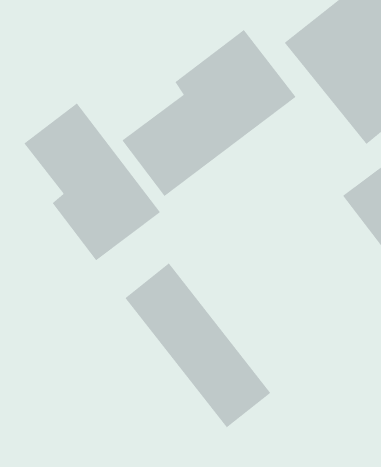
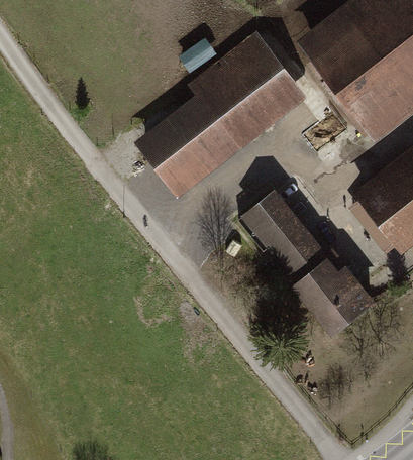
building: [24,103,161,261] -> none
building: [124,263,271,428] -> [235,184,378,344]

